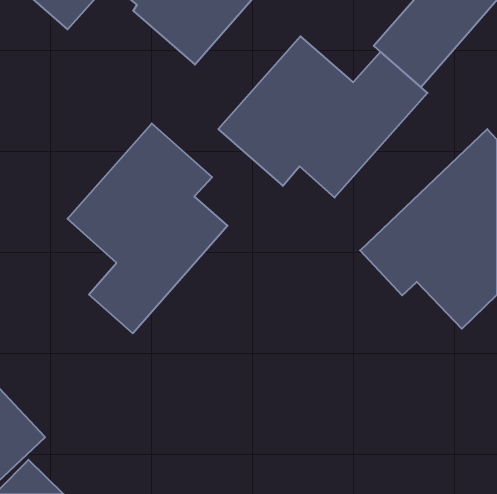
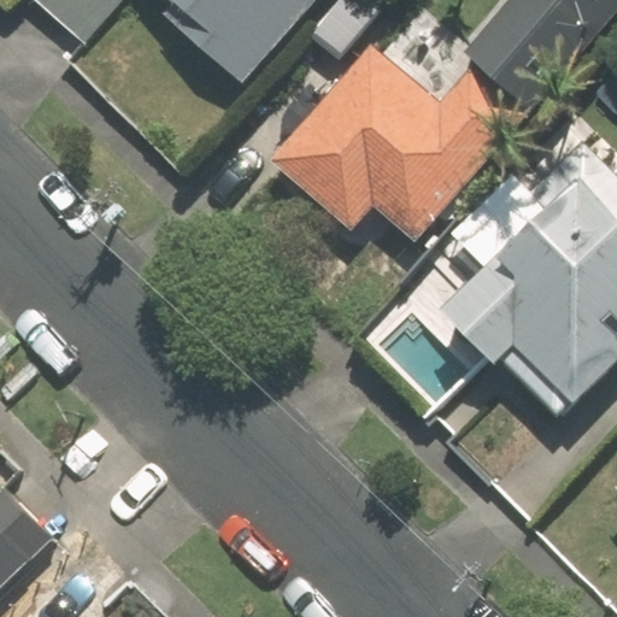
building: [67,123,228,333] -> none

